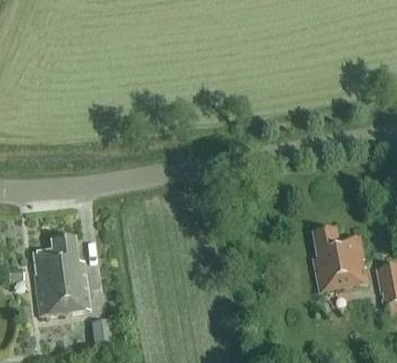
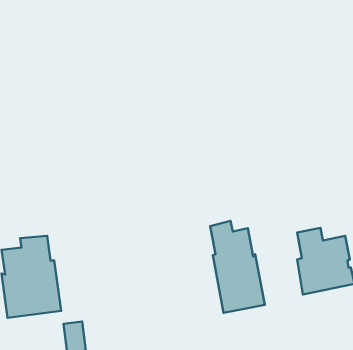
building: none -> [210,221,265,313]

